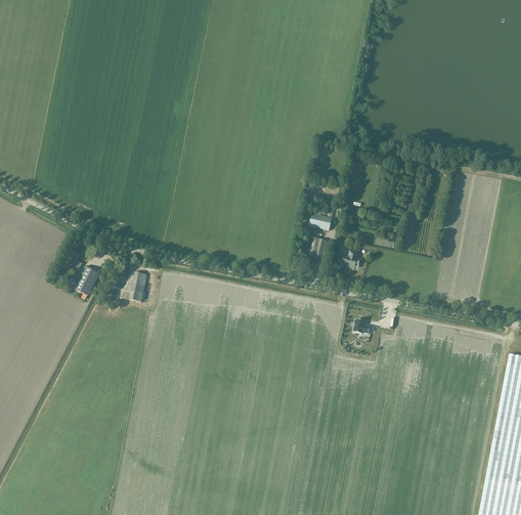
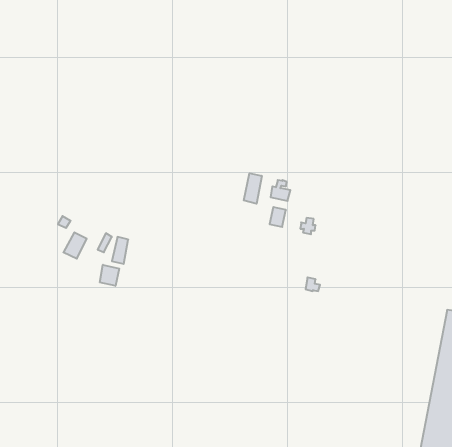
building: none -> [244,173,262,204]
building: none -> [100,265,119,286]

